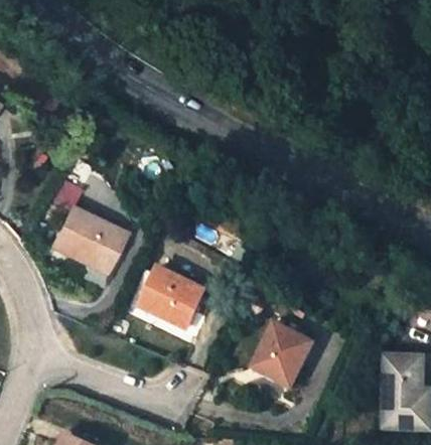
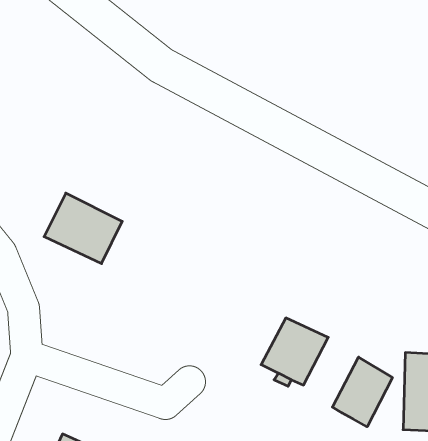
building: [140,266,205,327] -> none
building: none -> [332,357,392,427]

